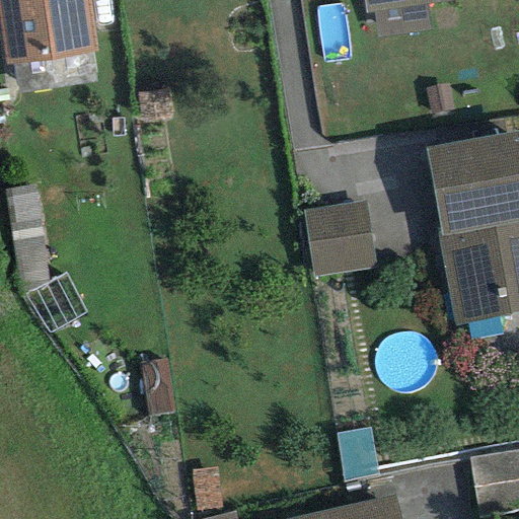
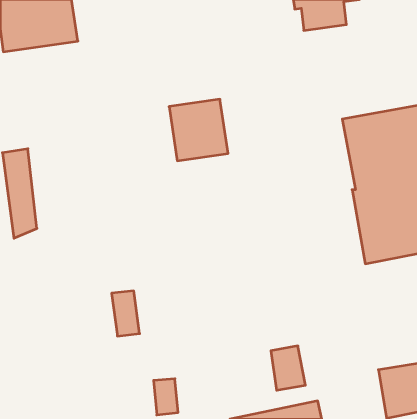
building: [304,201,377,277] -> [169,99,228,161]

